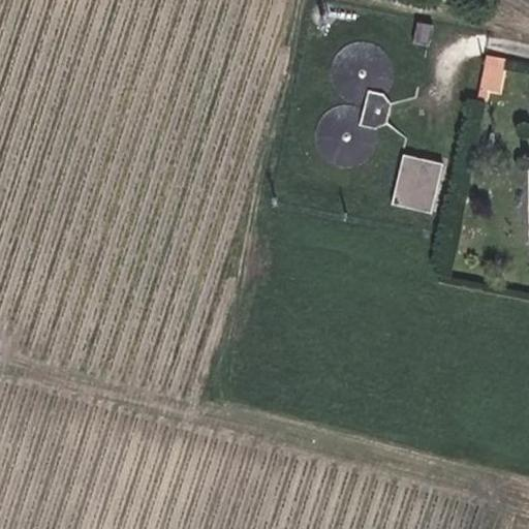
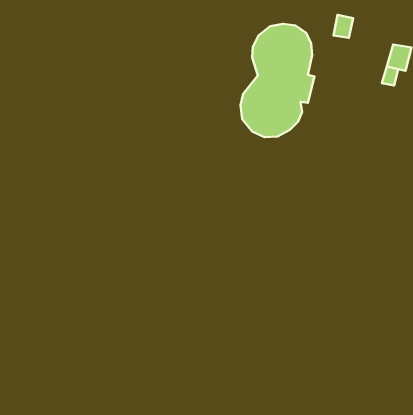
building: [387,151,440,212] -> none

